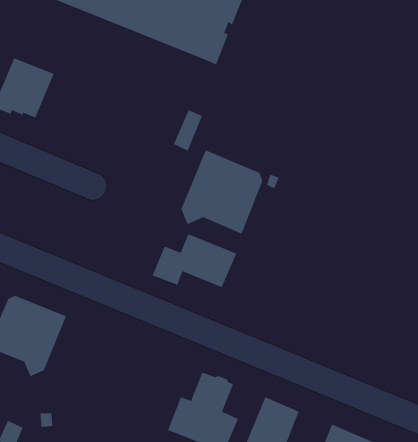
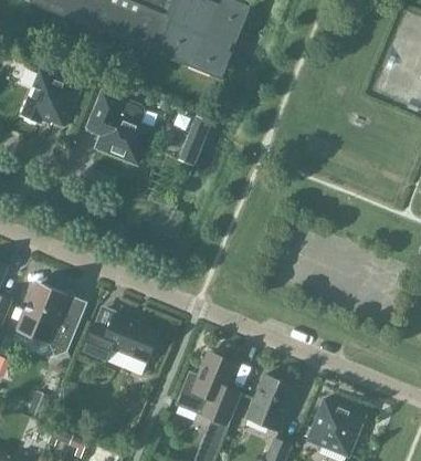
building: none -> [90,91,149,164]
building: [181,150,263,234] -> none
building: [152,234,237,288] -> [82,314,158,363]

